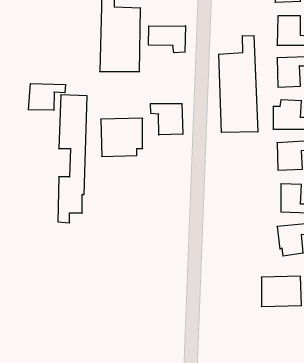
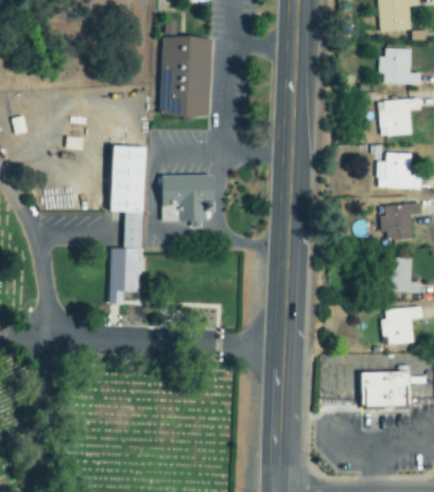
building: [149,26,185,53] -> none
building: [219,36,258,132] -> none
building: [28,84,65,110] -> none
building: [150,104,183,135] -> none

